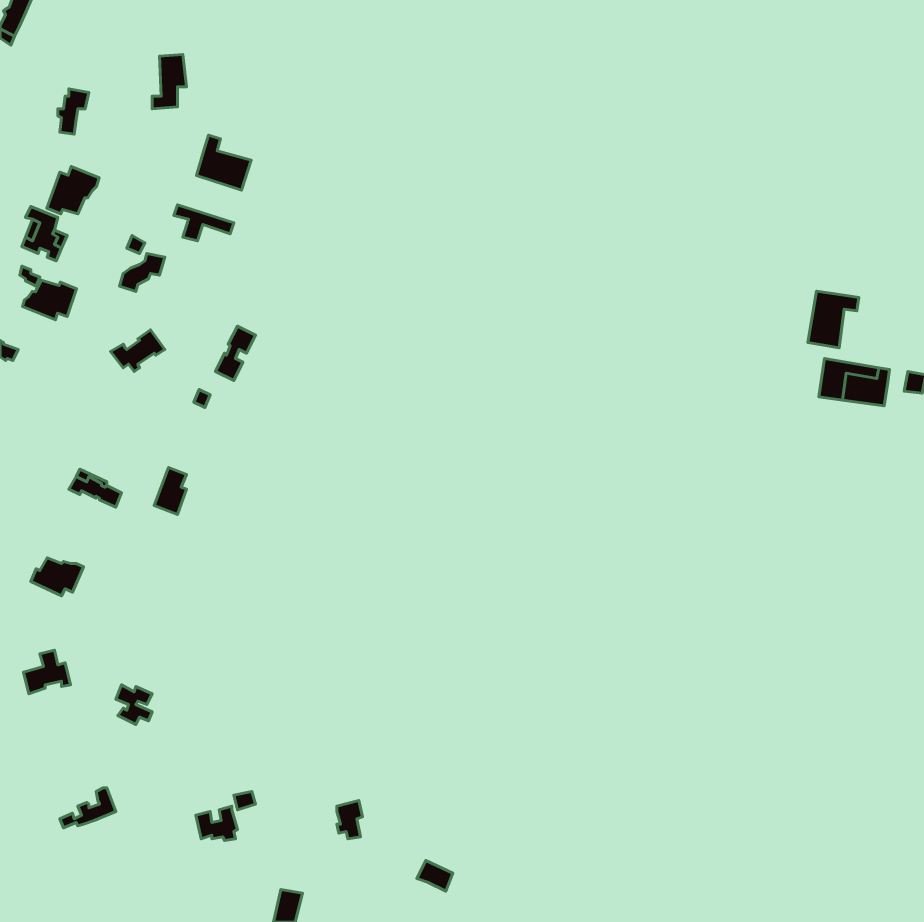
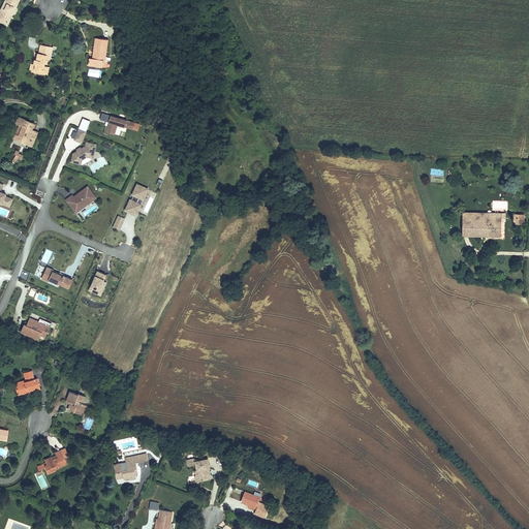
building: [196,135,251,190] -> none
building: [47,167,99,214] -> none
building: [22,280,77,320] -> none
building: [808,291,859,348] -> none

